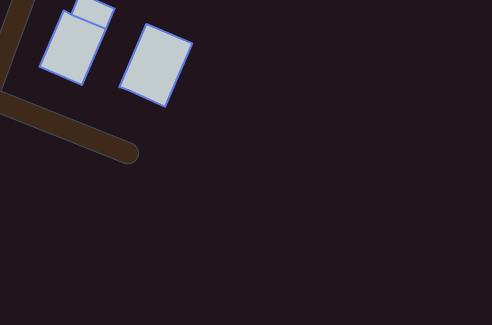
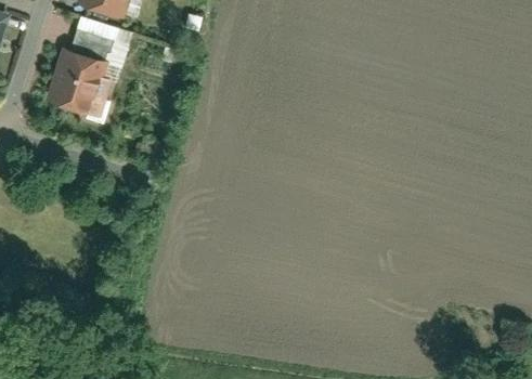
building: [119,24,192,107] -> none

